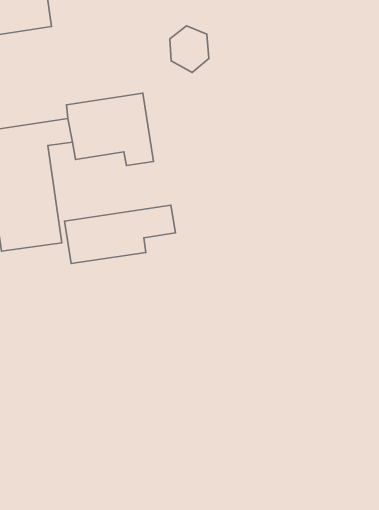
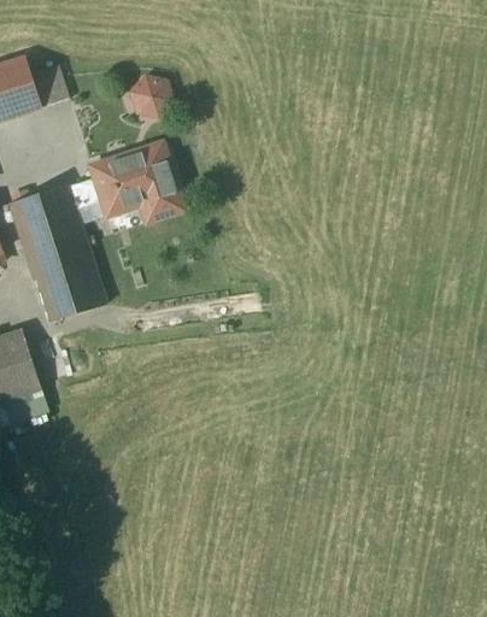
building: [170,26,209,73] -> [128,70,170,116]
building: [64,205,176,264] -> none

